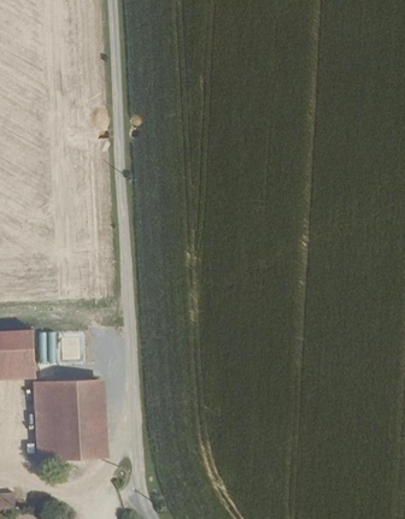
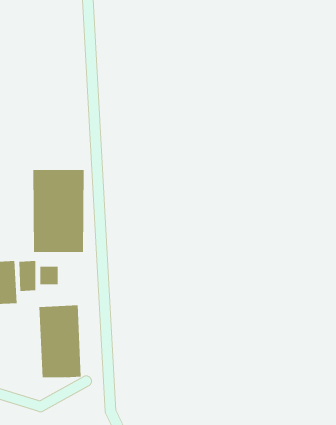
building: none -> [33,169,84,253]
building: [33,381,89,468] -> none

